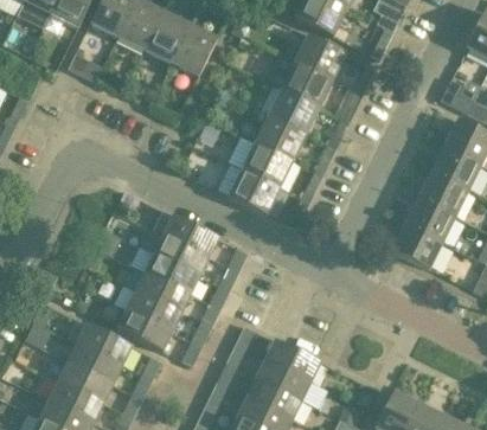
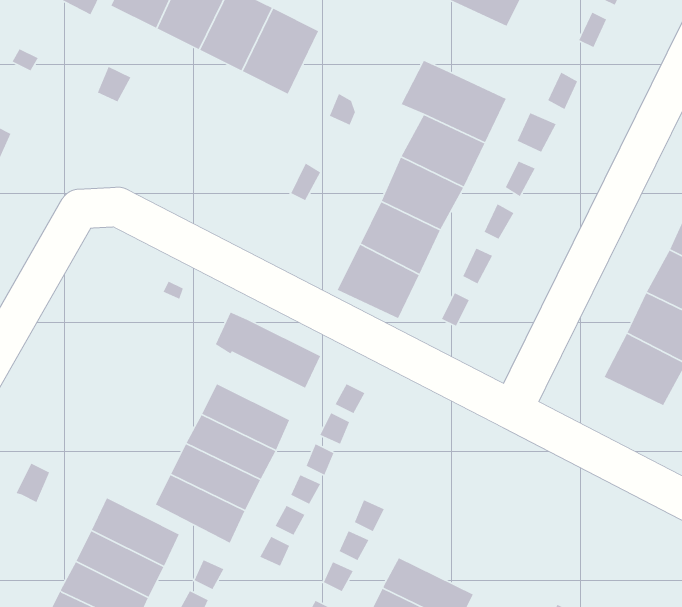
building: [294,32,345,78] -> none
building: [154,233,209,275] -> none
building: [265,339,321,381] -> none

